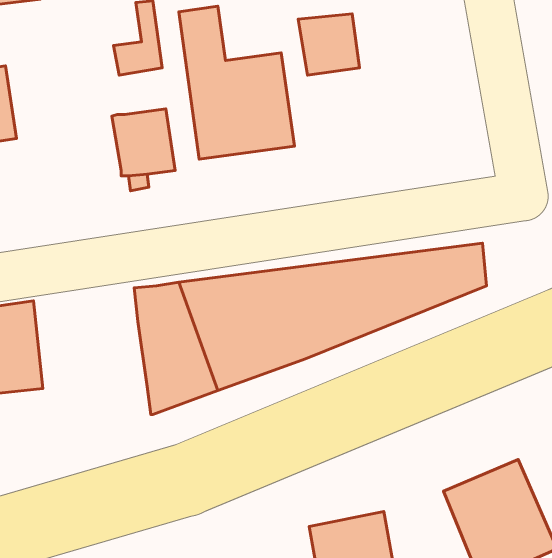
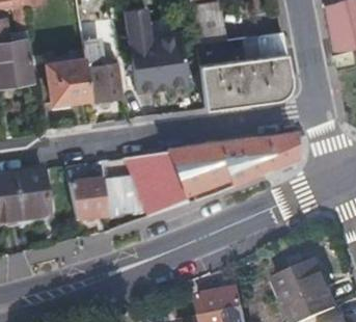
building: none -> [199,31,291,107]
building: none -> [47,46,92,101]
building: none -> [67,180,107,221]

